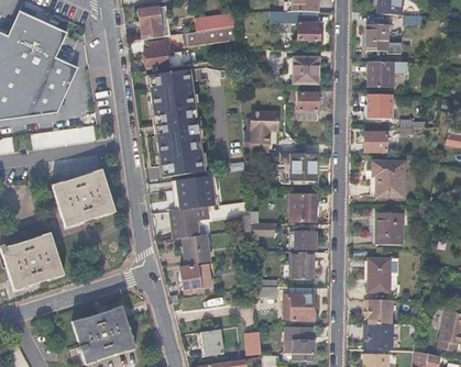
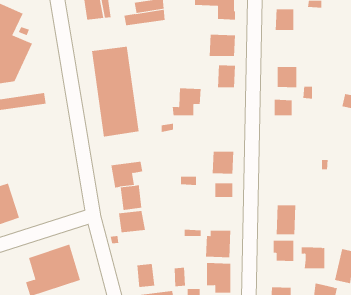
building: [143,42,182,68] -> none
building: [369,62,393,87] -> none
building: [281,153,317,181] -> none
building: [371,163,405,197] -> none
building: [52,169,114,227] -> none
building: [164,175,217,210] -> none
building: [375,213,404,245] -> none
building: [290,252,315,279] -> none
building: [363,324,392,351] -> [301,247,325,269]

